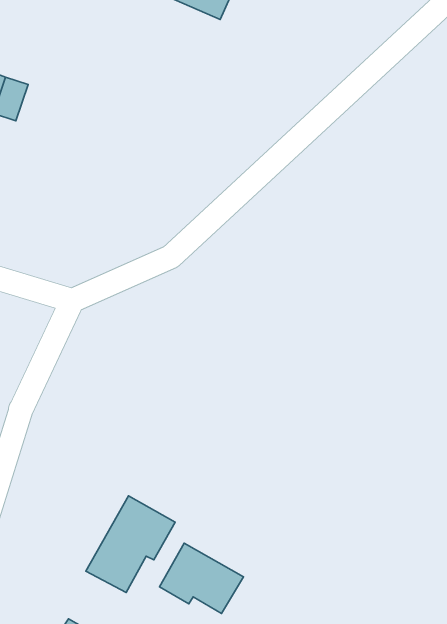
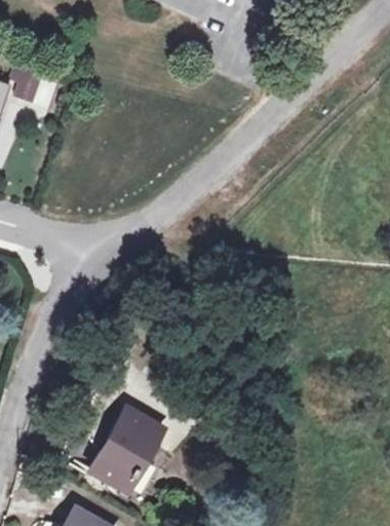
building: [159,543,243,613] -> none

